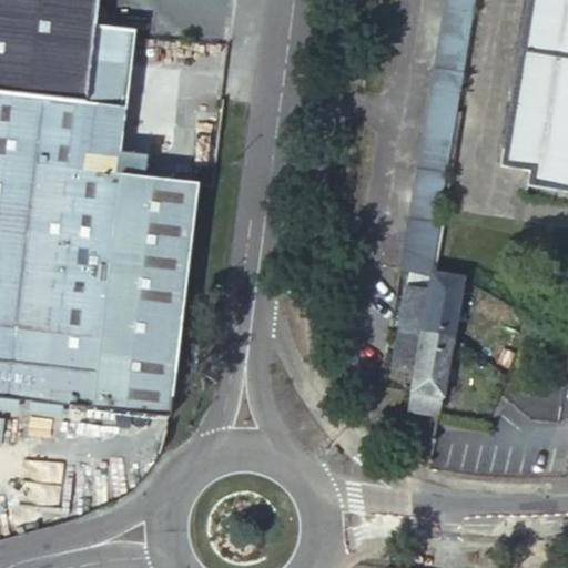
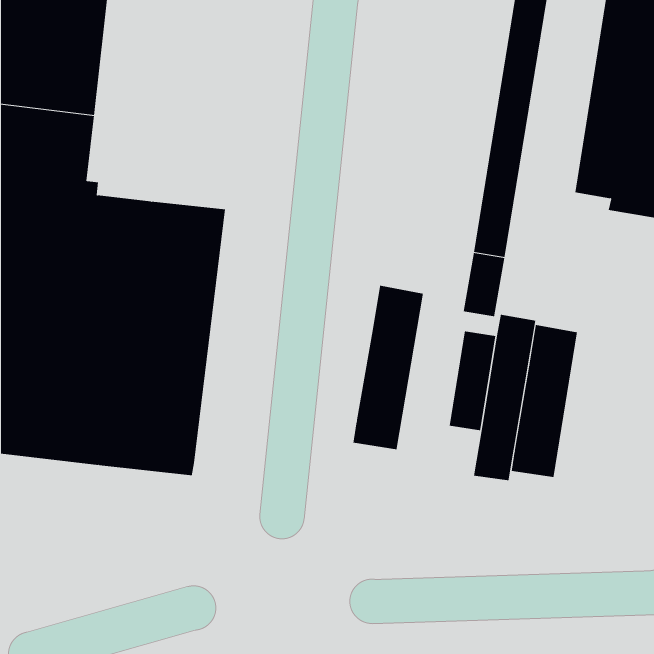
building: [77,20,135,174] -> none
building: none -> [353,285,423,450]
building: none -> [511,324,577,478]

